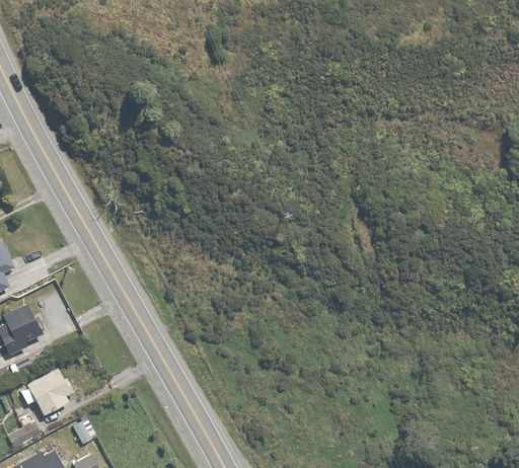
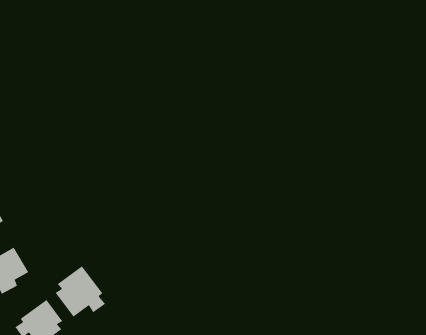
building: none -> [55,265,106,317]

